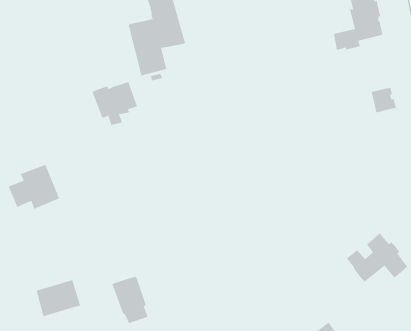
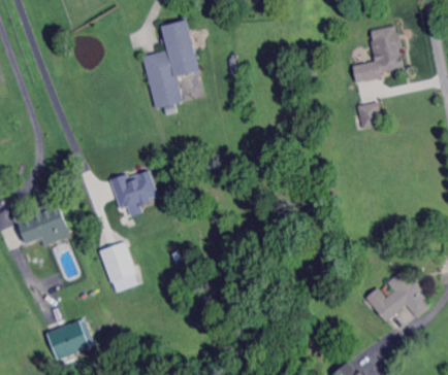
building: [92,81,138,125] -> [109,169,157,214]
building: [371,87,397,113] -> [358,102,385,129]
building: [111,276,148,324] -> [98,241,136,291]

